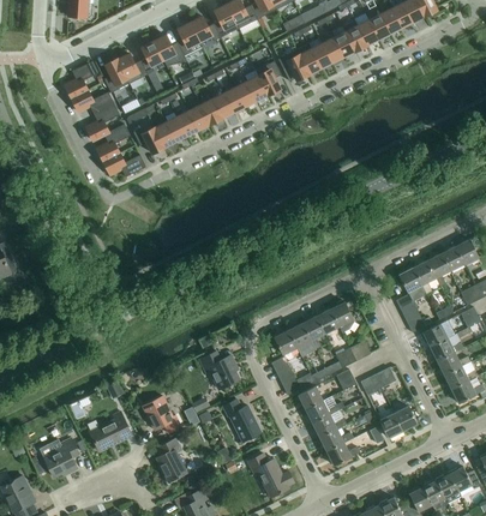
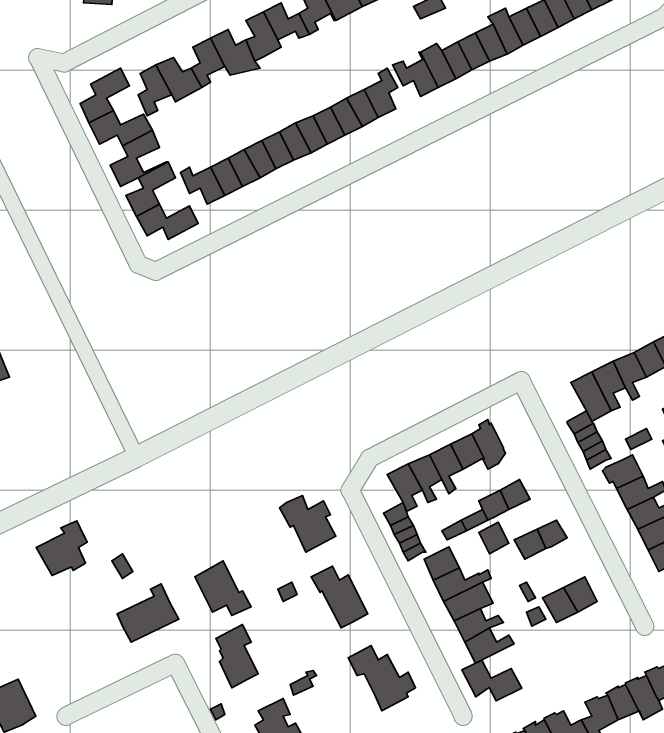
building: [43,439,78,476] -> [36,521,87,576]
building: none -> [462,660,522,701]

